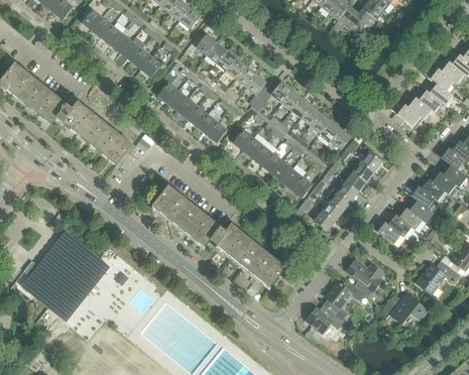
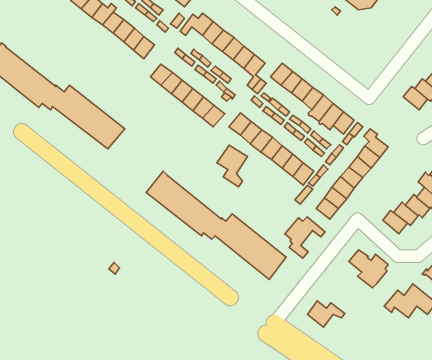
building: none -> [217,145,248,187]
building: [22,232,109,320] -> none
building: [325,280,363,320] -> [285,217,325,258]

